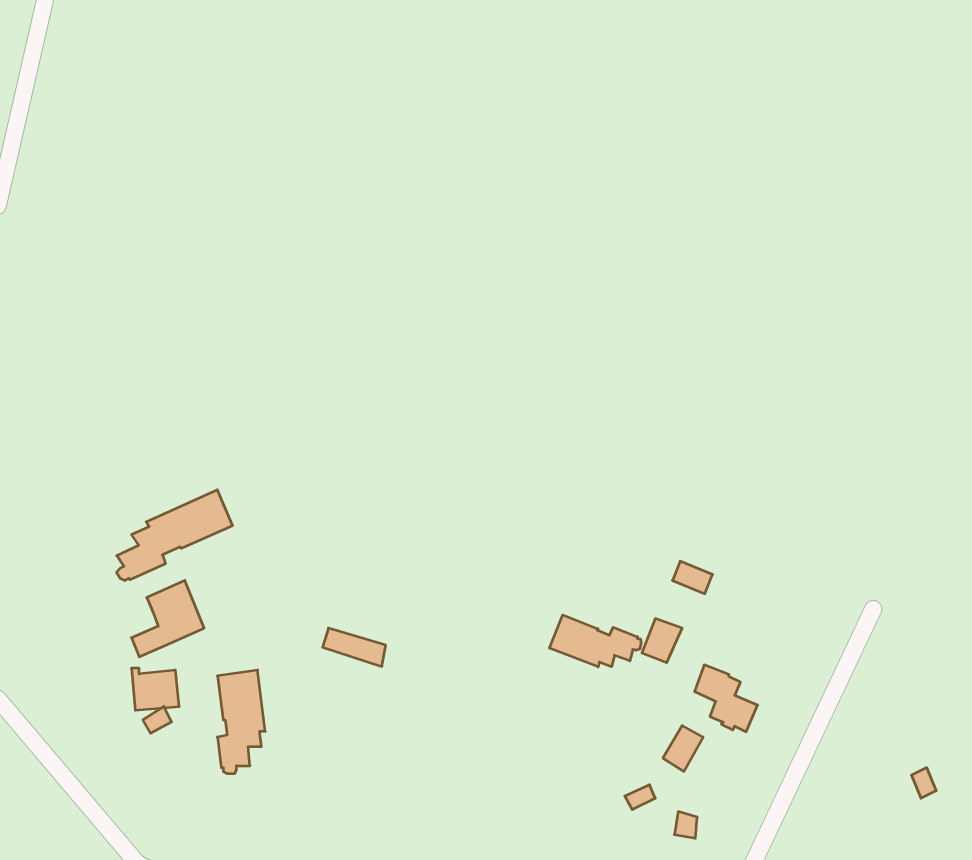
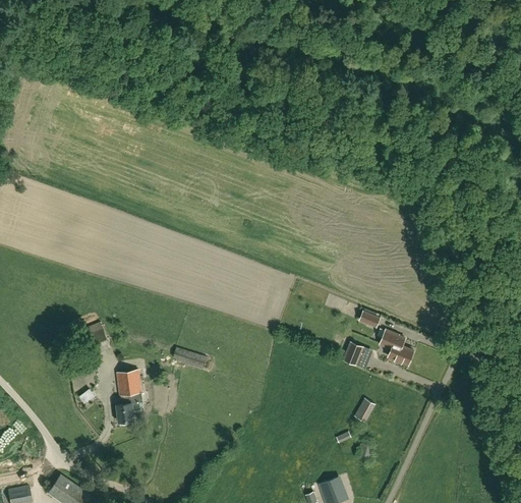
building: [117,490,232,581] -> none
building: [549,615,641,667] -> none
building: [695,665,758,732] -> [381,329,414,365]

